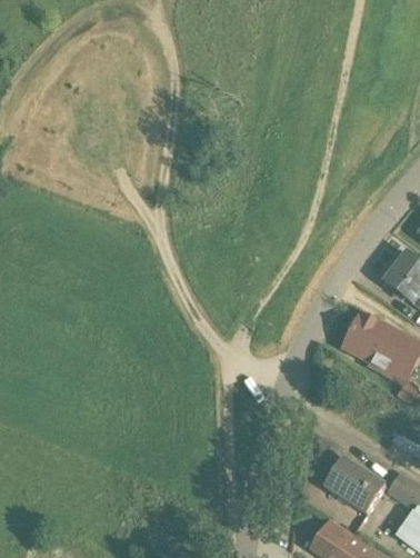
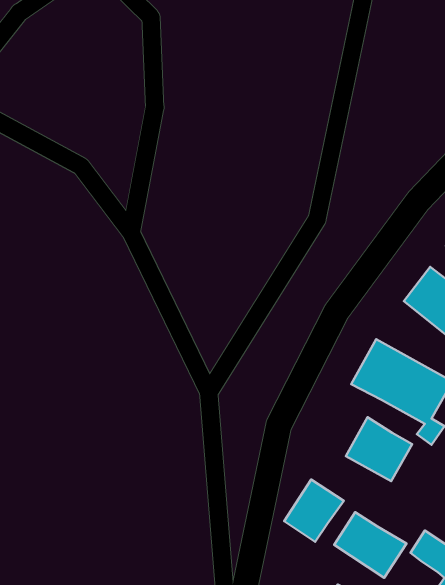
building: none -> [346,417,412,481]
building: none -> [284,479,344,542]

